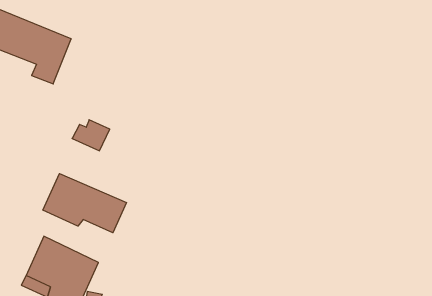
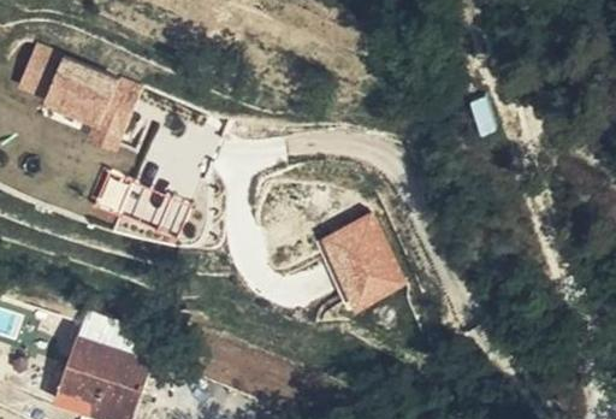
building: none -> [313,212,392,302]
building: [43,174,126,233] -> none

